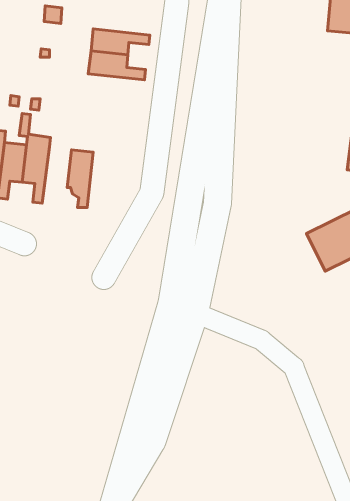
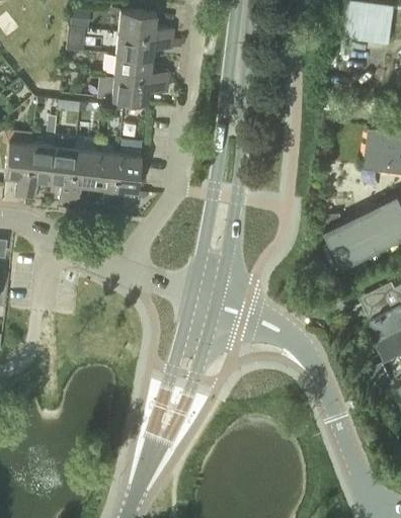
building: none -> [118,11,174,40]
building: none -> [111,78,168,104]
building: none -> [69,149,97,204]
building: none -> [112,154,142,209]

